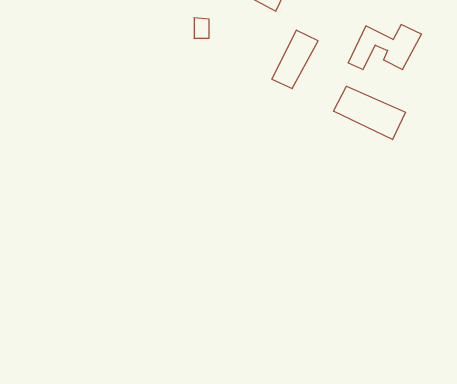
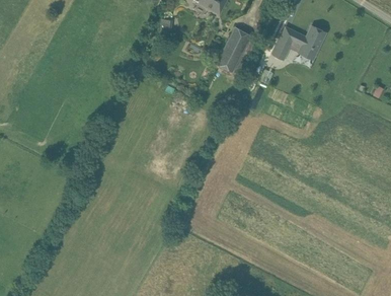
building: [334,86,406,140] -> none

